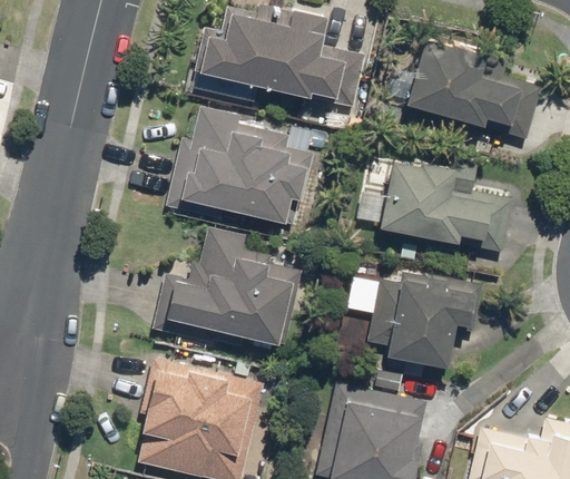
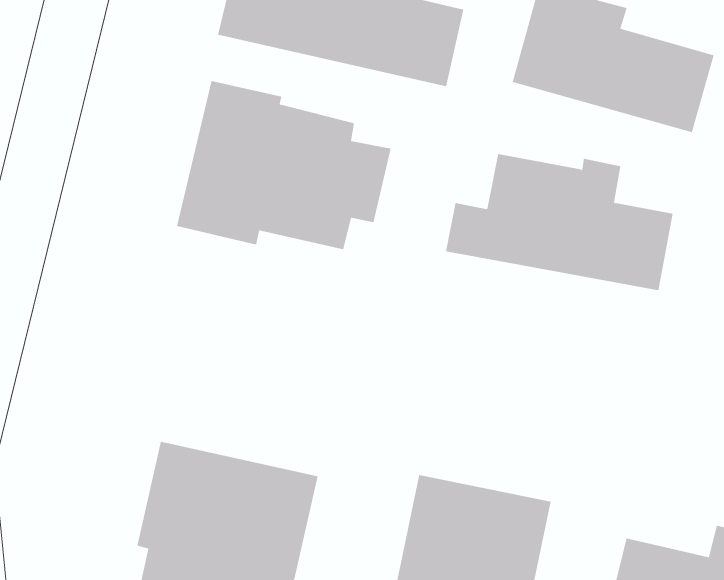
building: [154,226,305,356] -> none
building: [347,270,484,370] -> none

